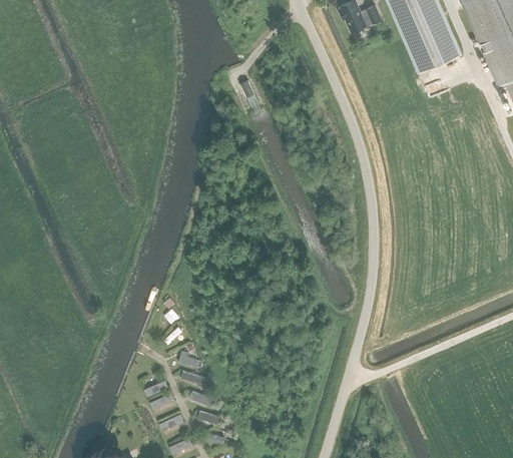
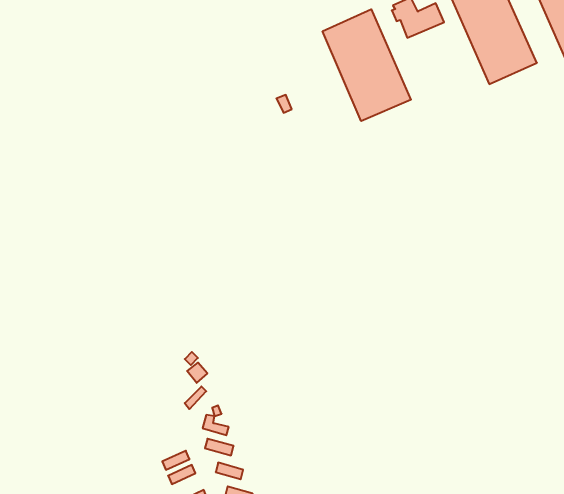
building: none -> [323,9,411,121]

